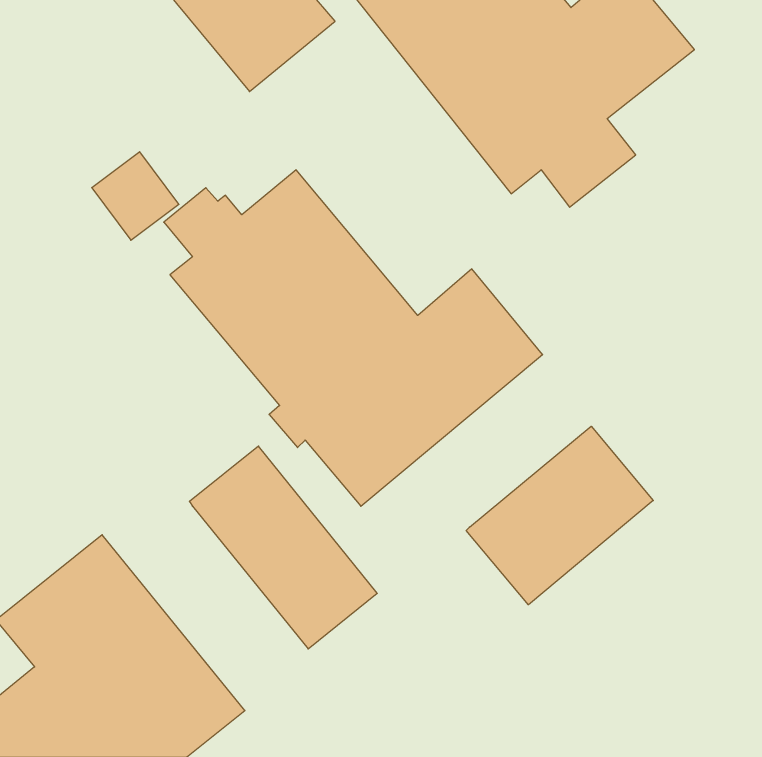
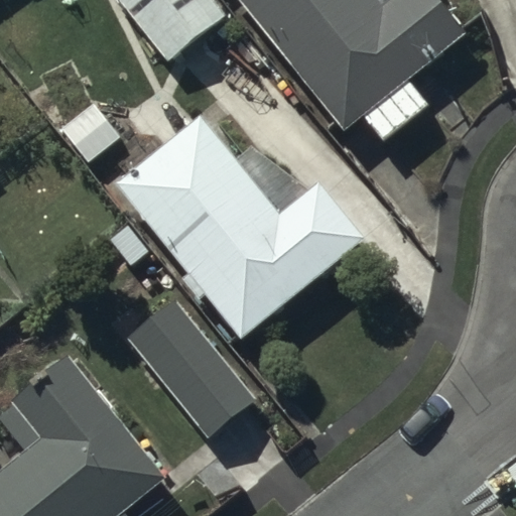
building: [466,426,653,605] -> none

